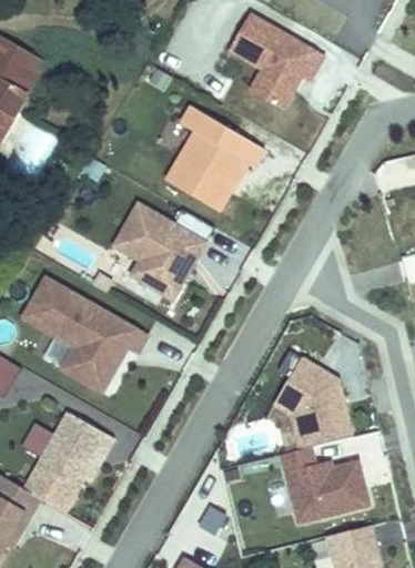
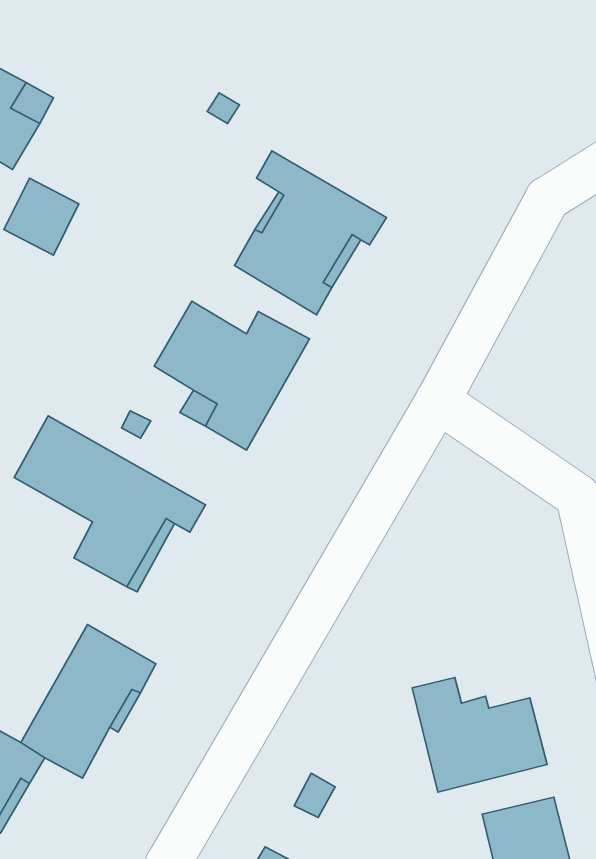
building: [226,12,320,109] -> none
building: [272,357,351,448] -> none

